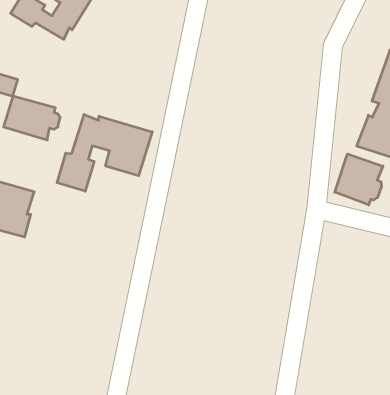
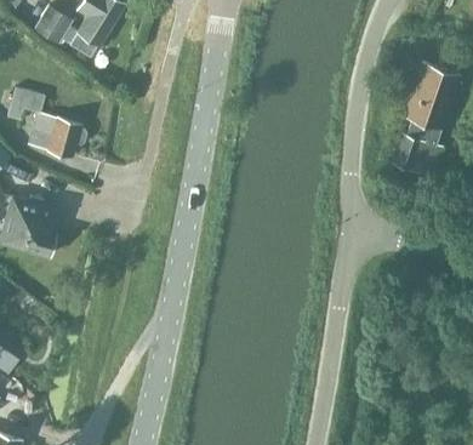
building: [57,114,152,191] -> none
building: [335,154,383,205] -> none

